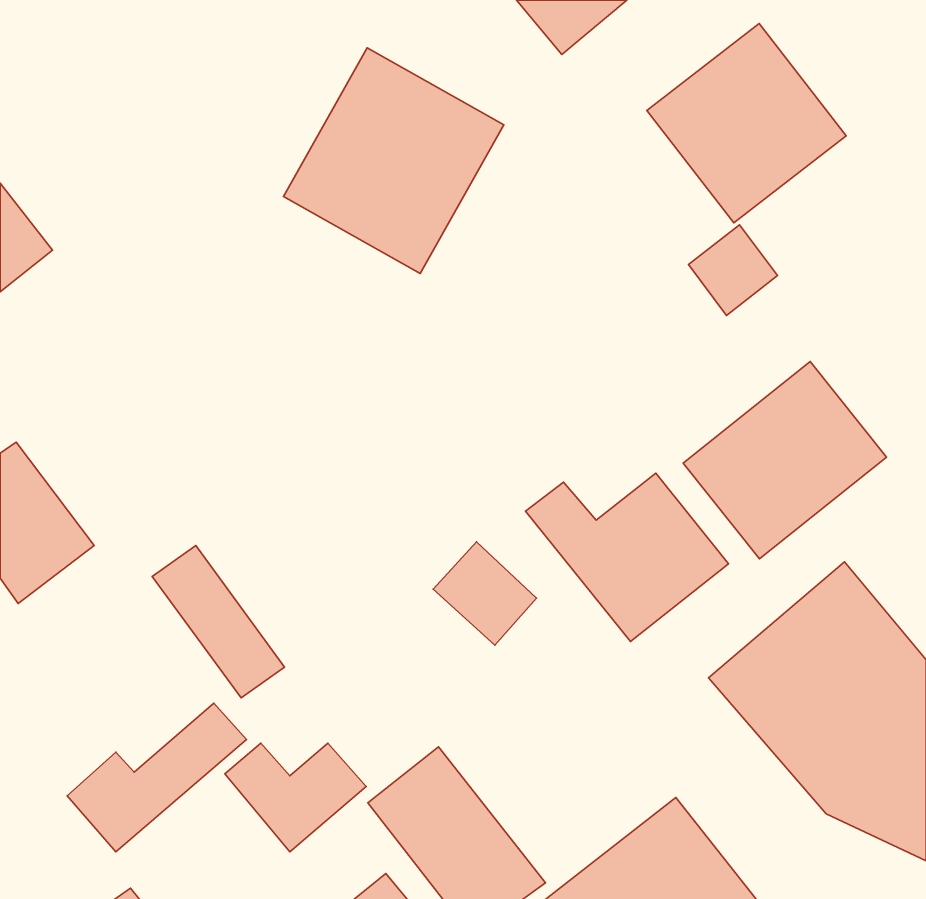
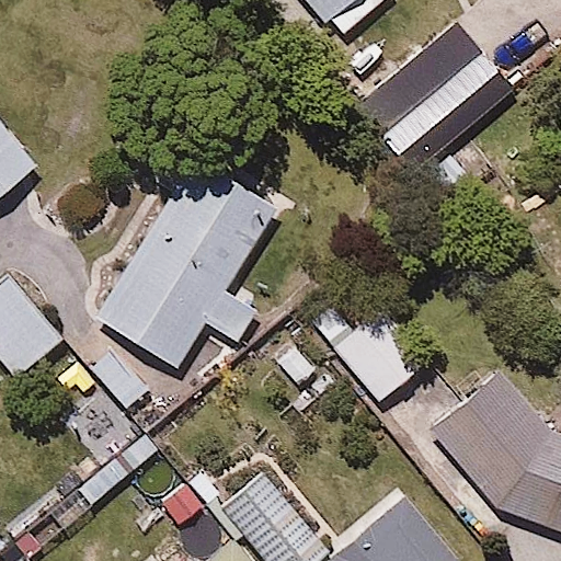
building: [284,48,504,273] -> none
building: none -> [94,168,267,370]
building: [683,361,887,559] -> none

